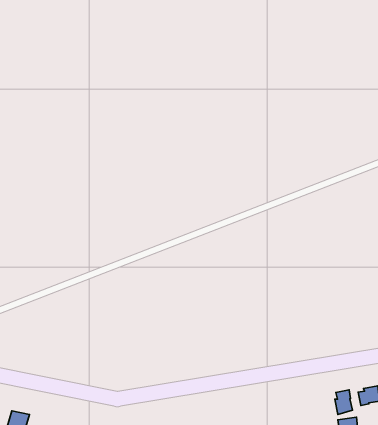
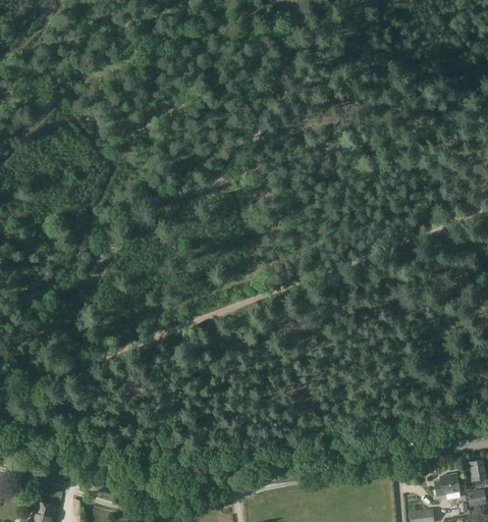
building: [335,390,352,414] -> none

